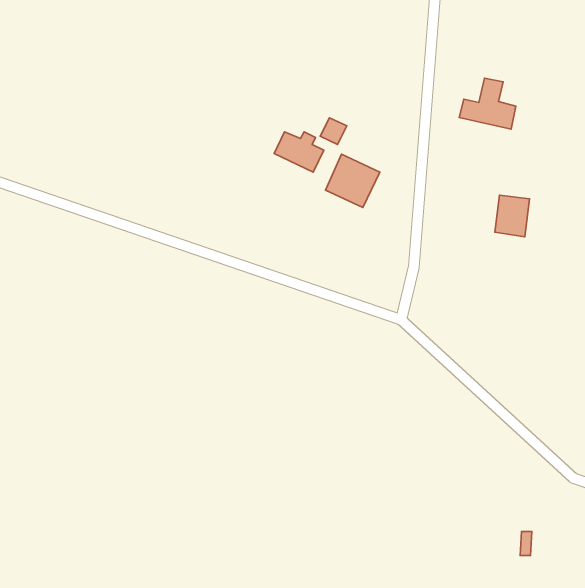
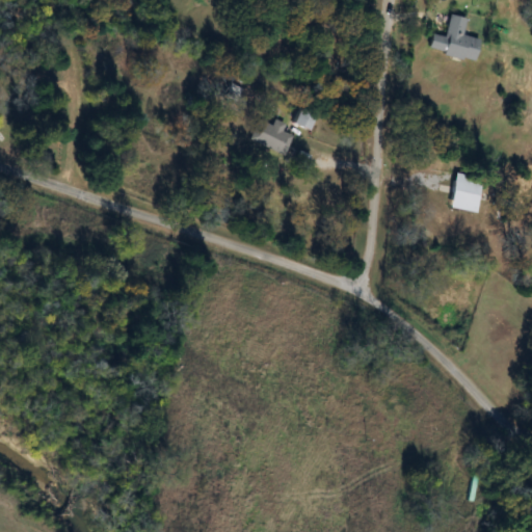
building: [459,78,516,129] -> [429,15,480,60]
building: [326,154,380,208] -> none

